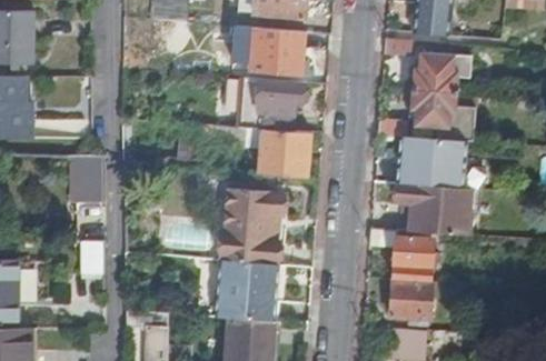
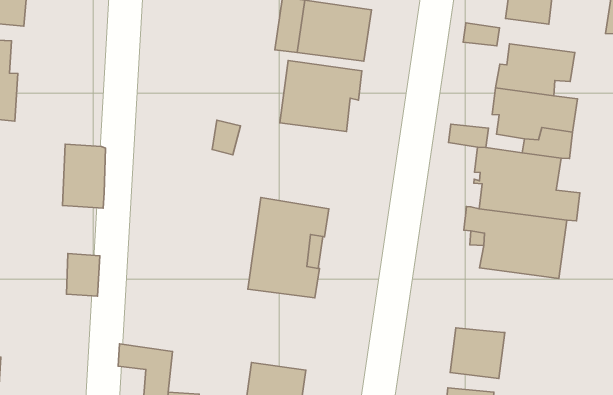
building: [211,124,311,177] -> none
building: [366,229,430,281] -> none
building: [218,260,277,321] -> none

